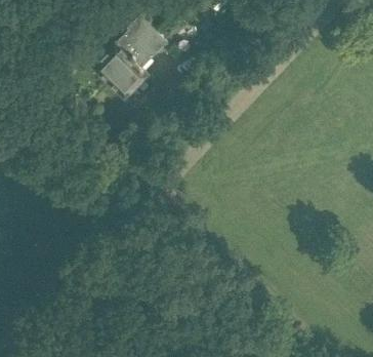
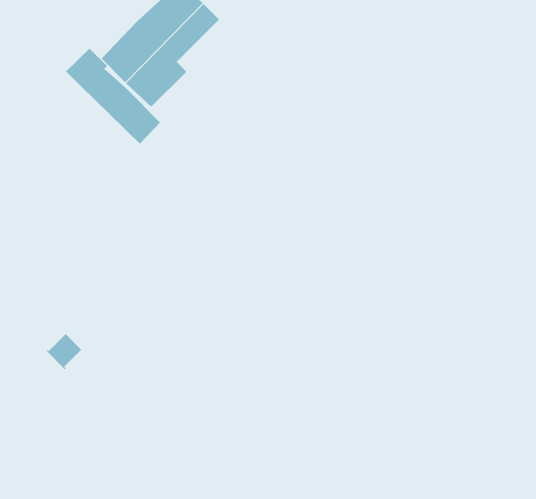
building: none -> [65,48,161,145]

